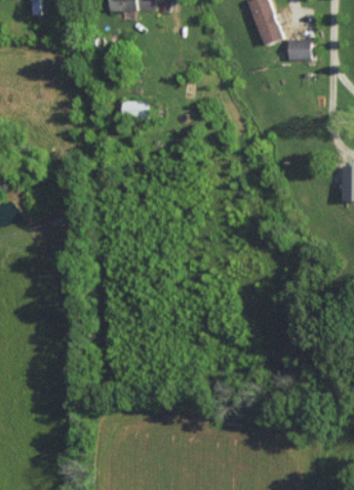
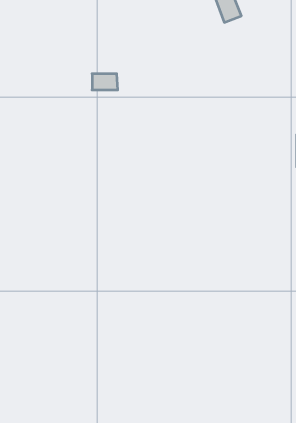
building: [287,38,311,59] -> none

